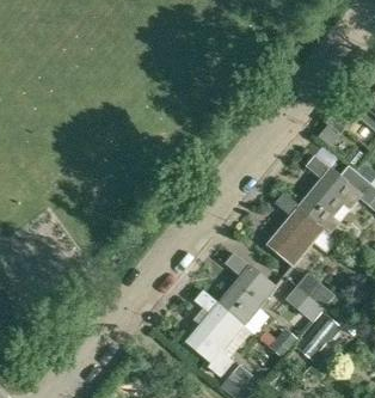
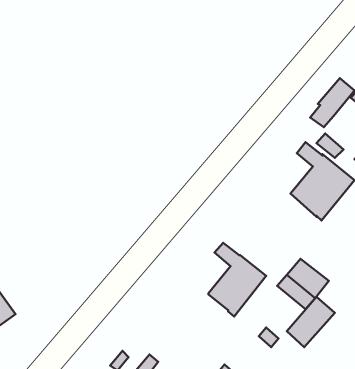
building: [266,194,324,267] -> none
building: [186,292,238,365] -> none

